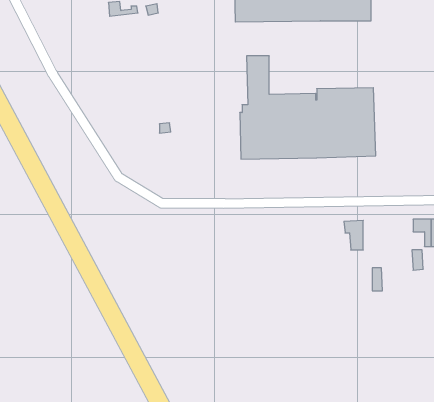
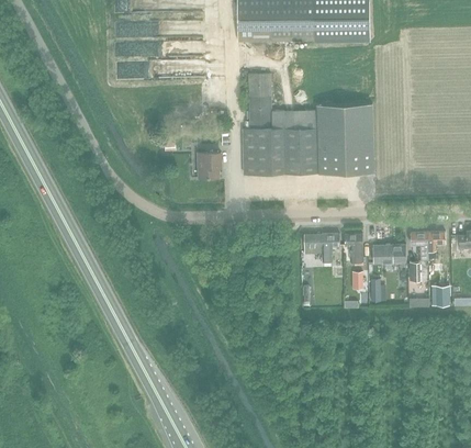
building: none -> [198,152,221,178]
building: none -> [304,233,340,261]
building: none -> [372,244,406,262]

